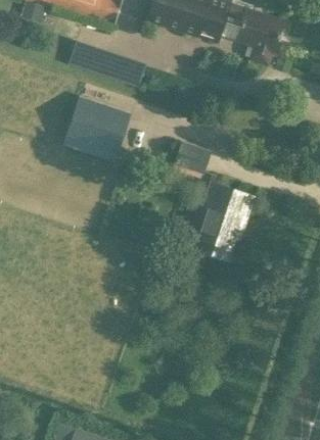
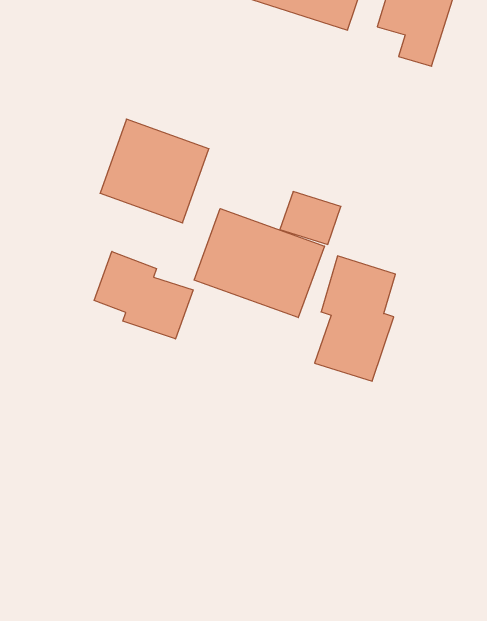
building: none -> [194,209,324,318]
building: none -> [94,251,193,339]

